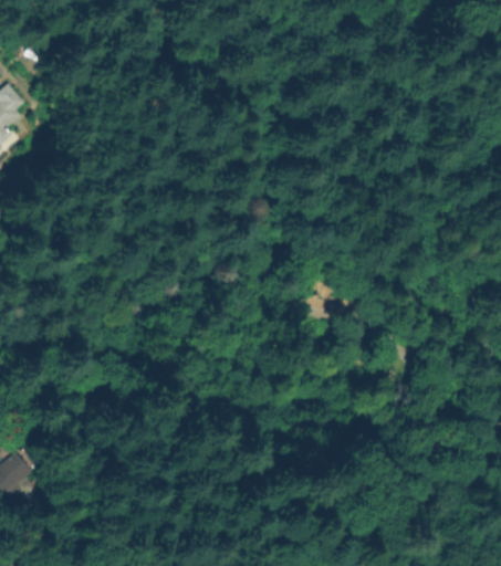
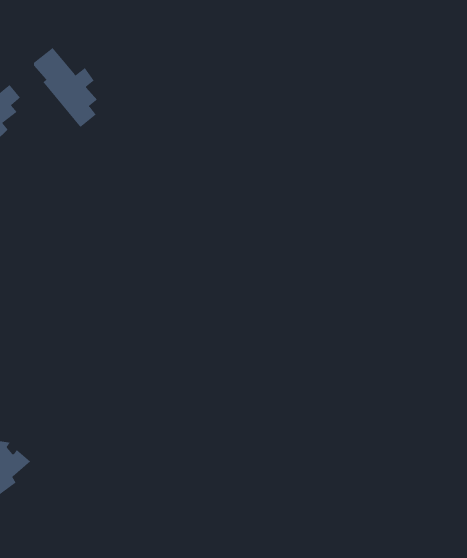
building: none -> [33,47,98,128]

